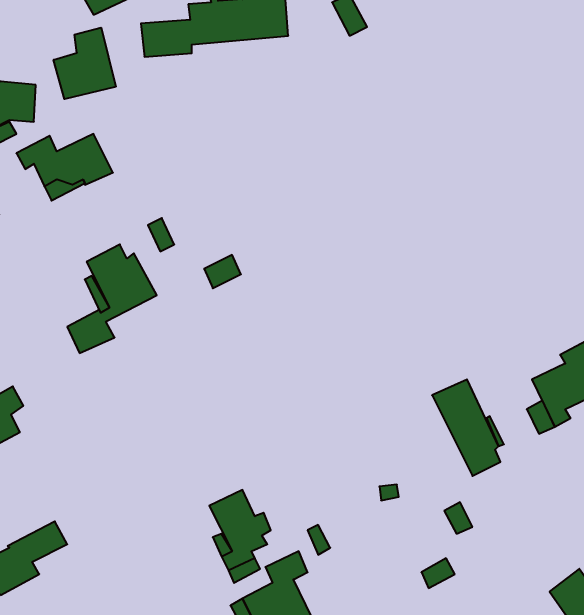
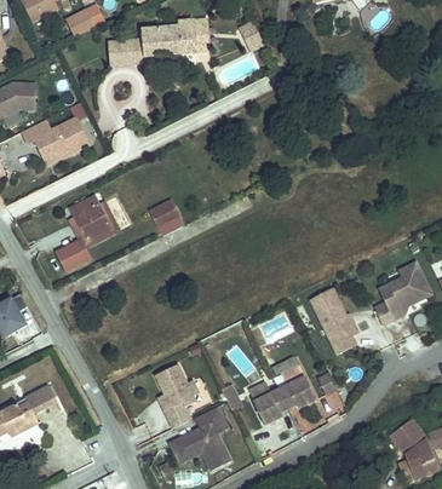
building: [54,28,116,99] -> none
building: none -> [247,366,316,424]

